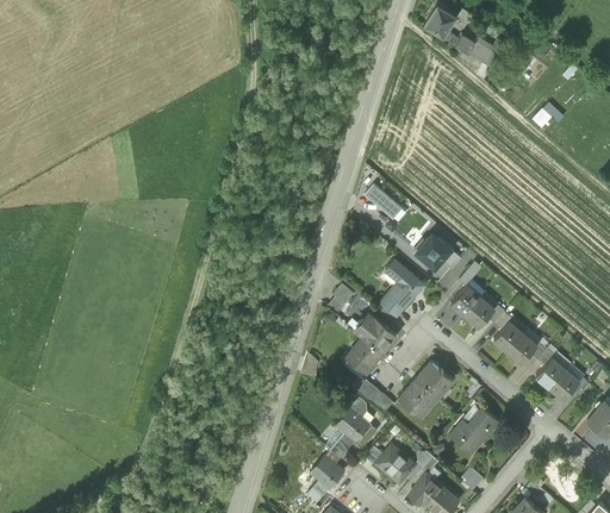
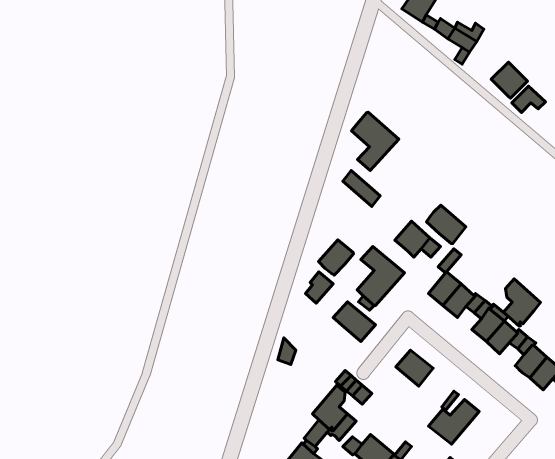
building: none -> [491,62,527,98]
building: none -> [352,112,399,171]
building: none -> [426,205,466,244]
building: none -> [319,240,353,275]
building: none -> [503,279,540,326]
building: [346,337,382,374] -> none
building: [399,379,440,417] -> none

